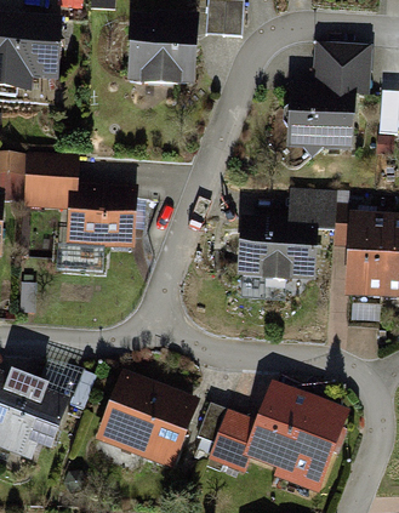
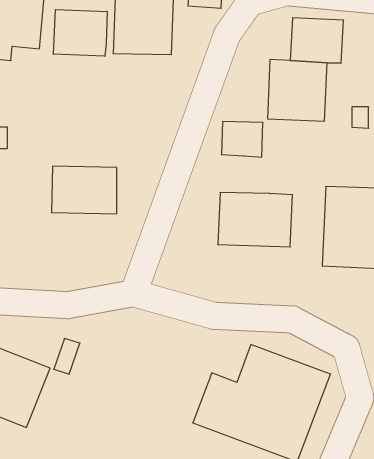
building: none -> [53,10,107,56]
building: [28,154,76,192] -> none
building: [291,189,334,226] -> [221,121,263,157]
building: [98,374,200,463] -> none

